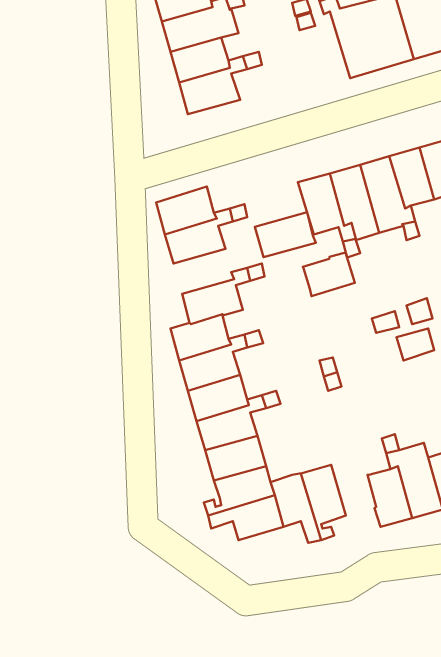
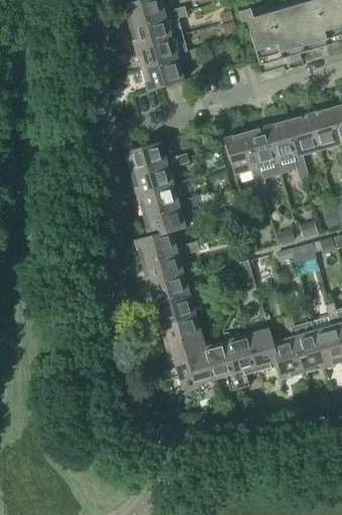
building: [255,212,316,257] -> [137,183,180,214]
building: [303,252,355,296] -> none
building: none -> [247,326,278,369]

